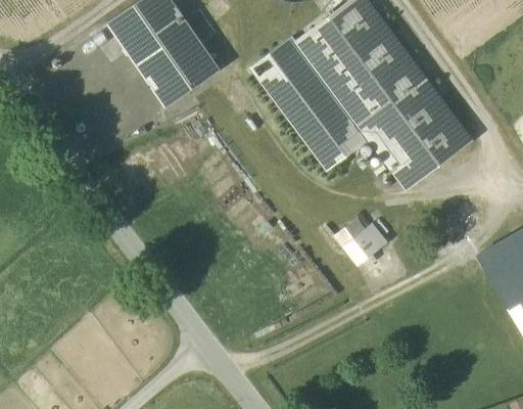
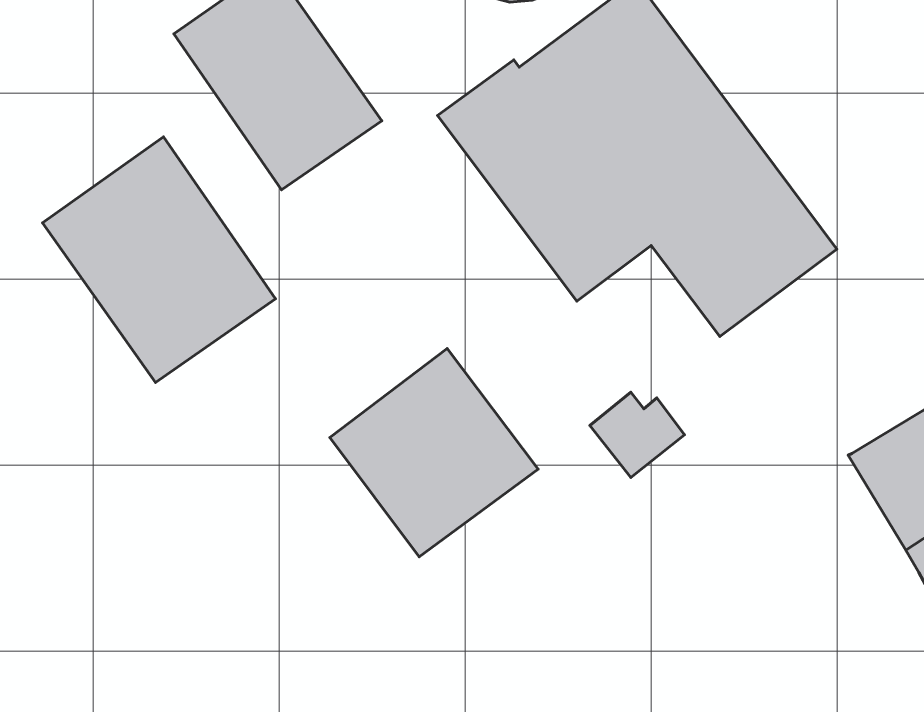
building: none -> [42,137,276,383]
building: none -> [330,349,538,557]

